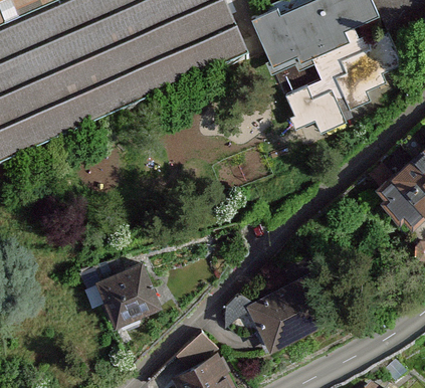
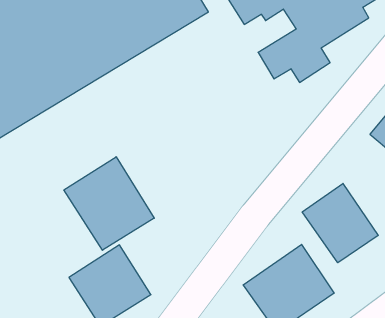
building: none -> [64,157,154,250]
building: none -> [302,183,378,263]

